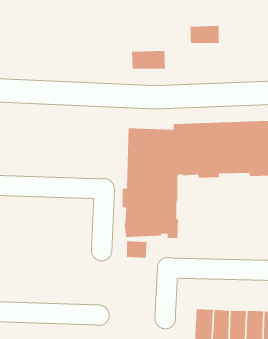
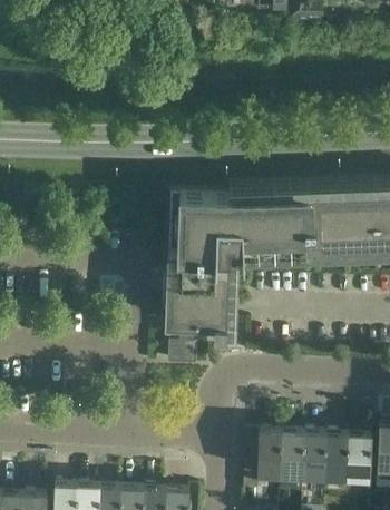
building: [190,25,220,44] -> none
building: [131,50,166,70] -> none

